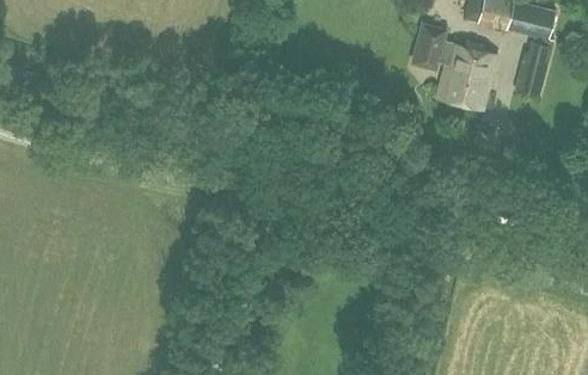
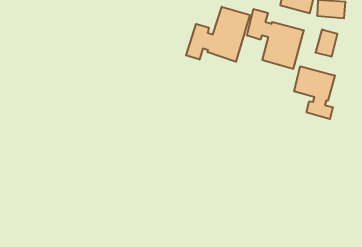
building: none -> [186,7,250,62]
building: none -> [294,66,335,119]

